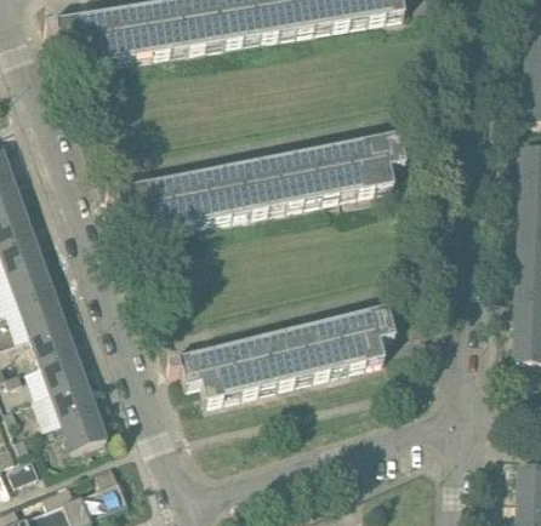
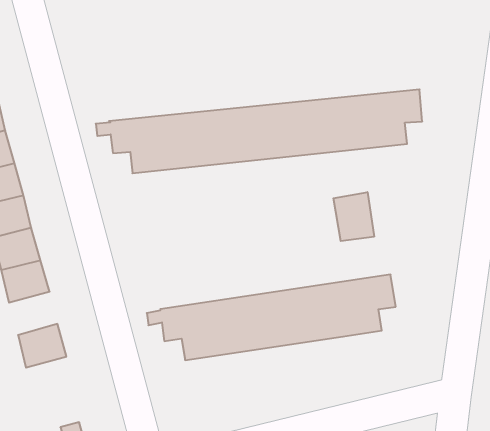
building: none -> [333,192,374,241]
building: [39,350,85,393] -> none
building: [59,408,107,451] -> none

